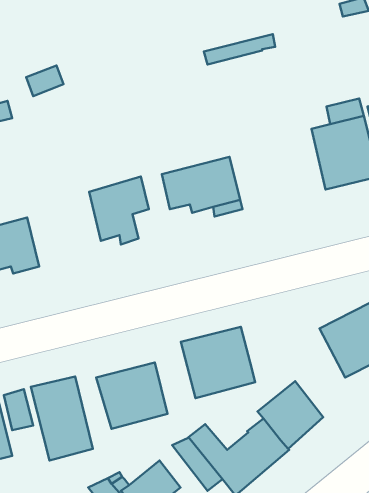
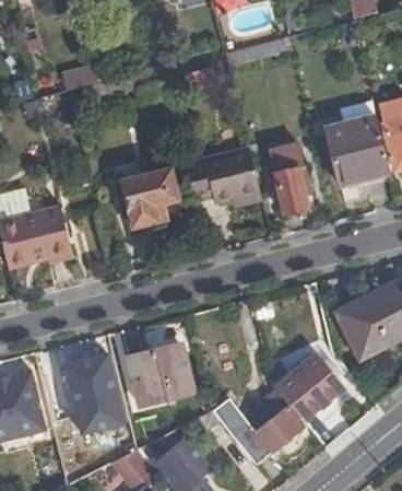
building: none -> [270,143,311,217]
building: [181,327,255,398] -> none

